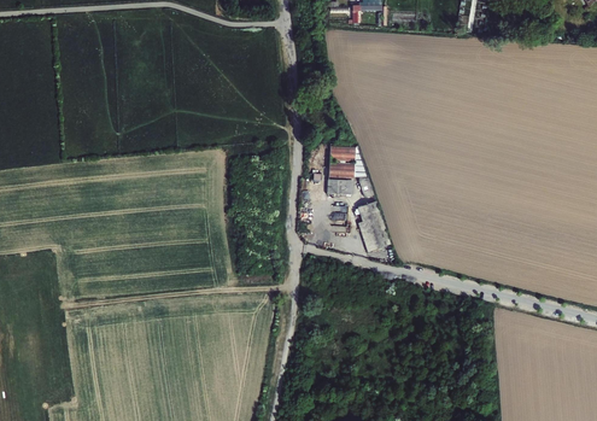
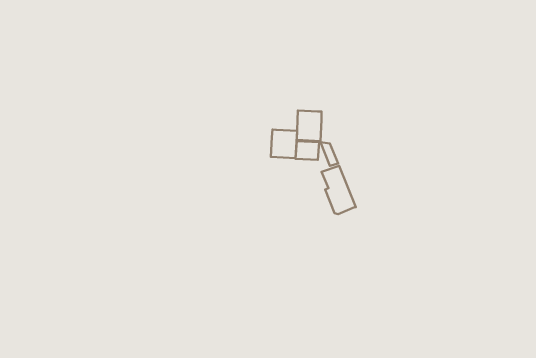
building: none -> [271,129,297,158]

